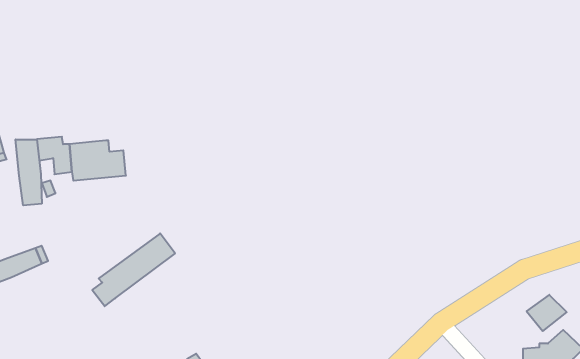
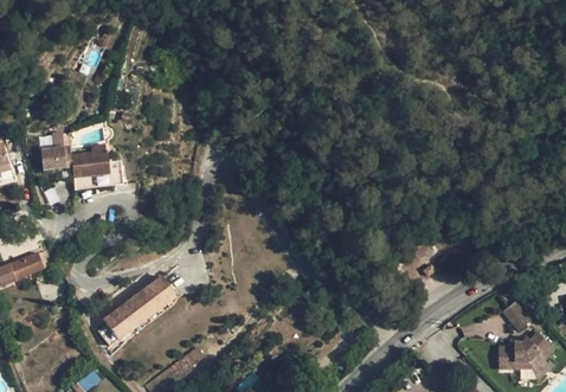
building: [16,139,42,205] -> none
building: [92,233,175,306] -> [98,276,176,345]

